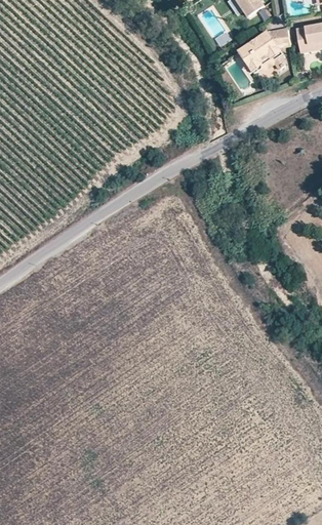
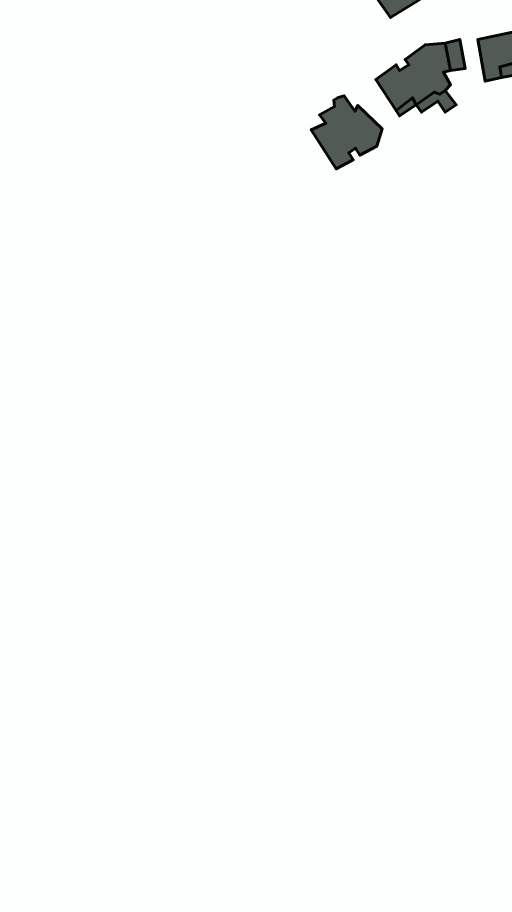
building: none -> [311,96,382,169]

